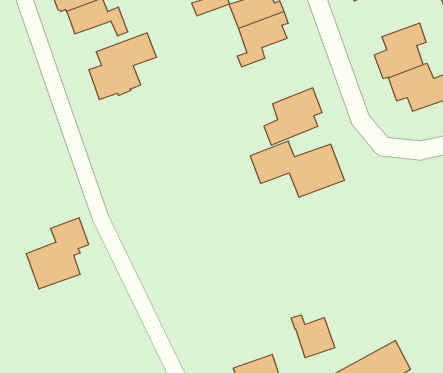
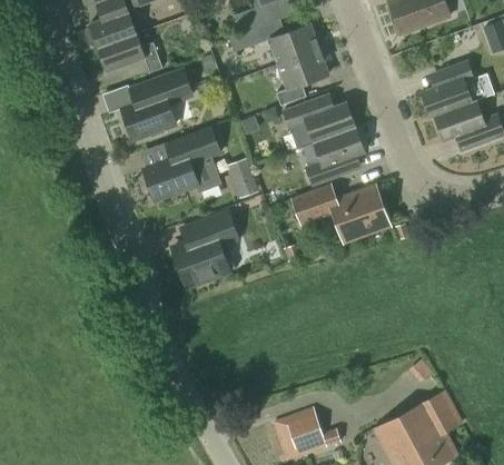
building: none -> [283,91,356,149]
building: none -> [142,127,220,200]
building: none -> [227,158,259,198]
building: [26,218,89,289] -> [171,211,237,286]
building: [291,315,335,358] -> none

